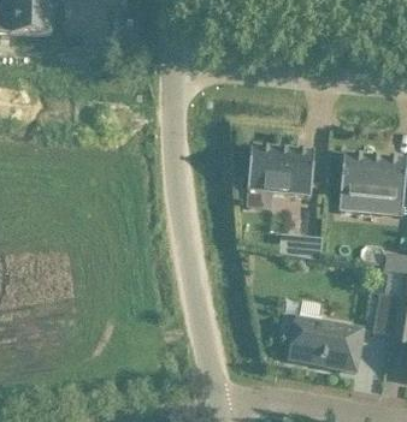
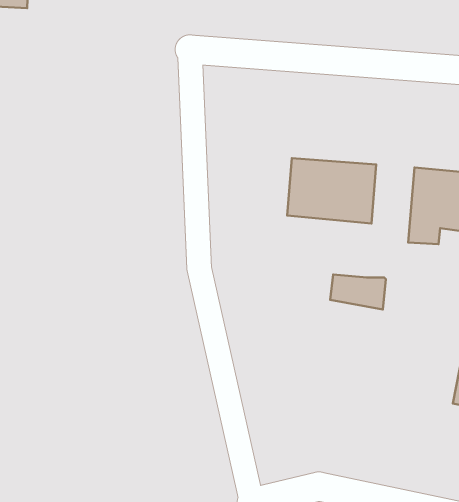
building: [288,319,362,372] -> none

